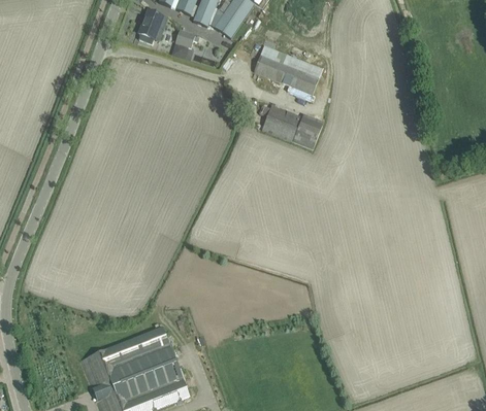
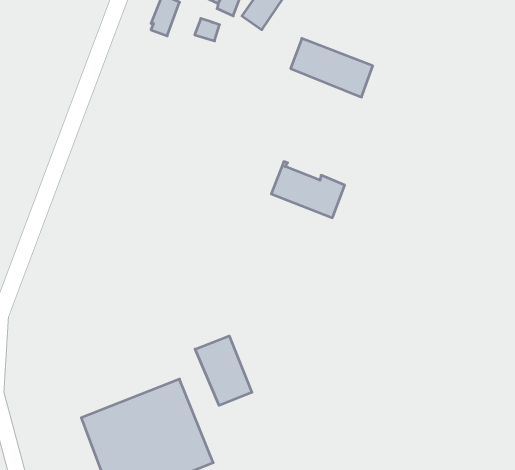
building: [262,102,323,148] -> [271,162,345,218]
building: none -> [195,336,252,405]

